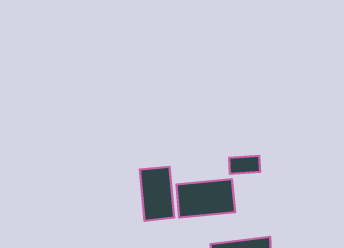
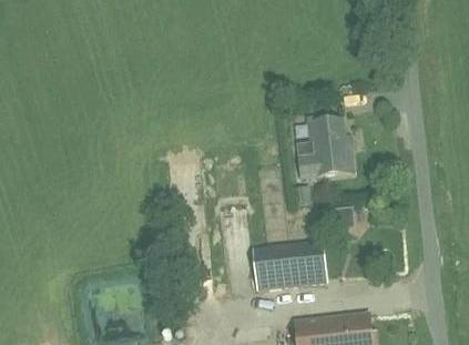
building: none -> [299,113,354,176]
building: [140,167,174,221] -> none

